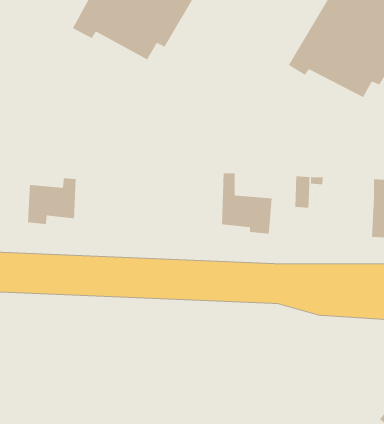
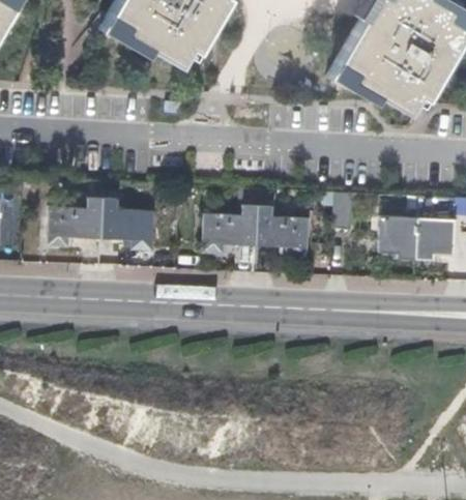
building: none -> [203,188,259,252]
building: none -> [100,196,156,248]
building: none -> [380,215,419,259]

